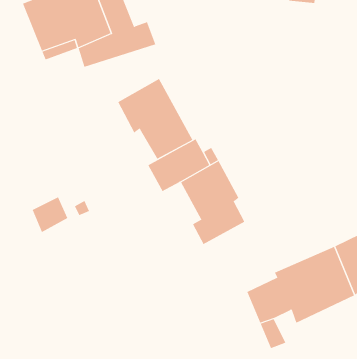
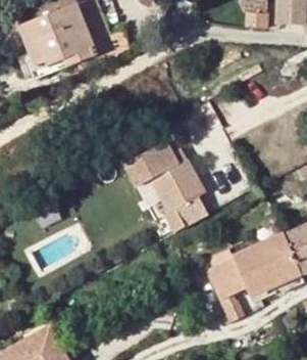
building: [118,78,193,160] -> none

